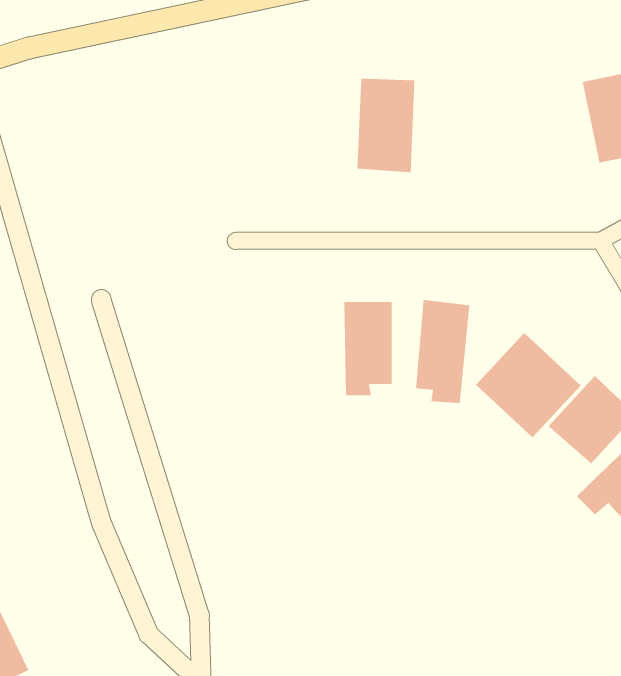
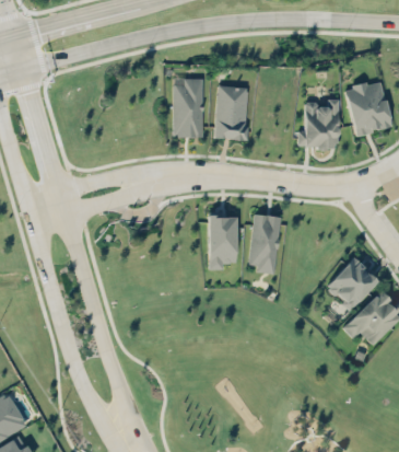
building: none -> [173,78,204,137]
building: none -> [303,98,339,147]
building: [475,332,582,438] -> none

